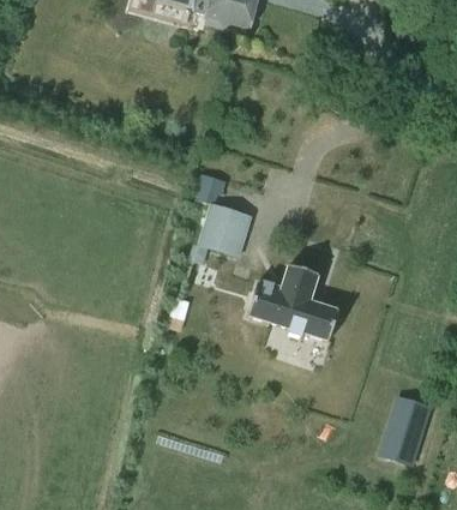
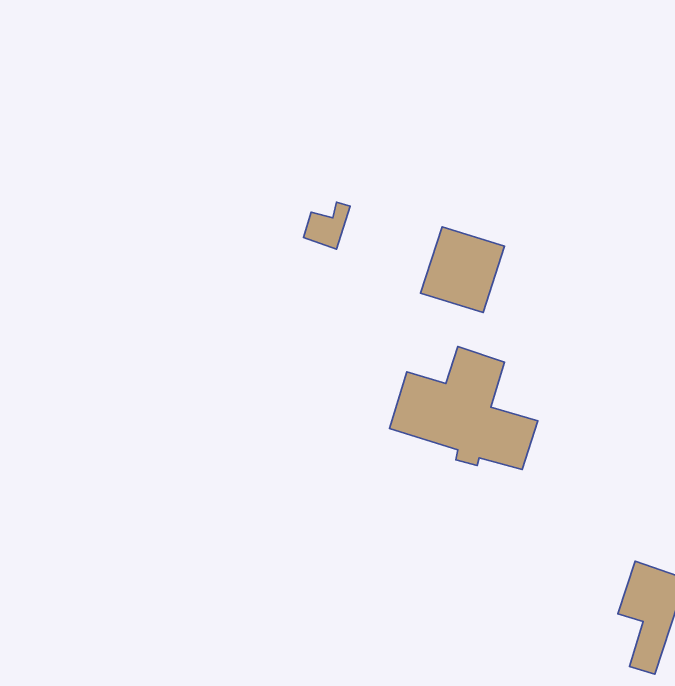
building: [199,205,251,258] -> [421,227,505,313]

